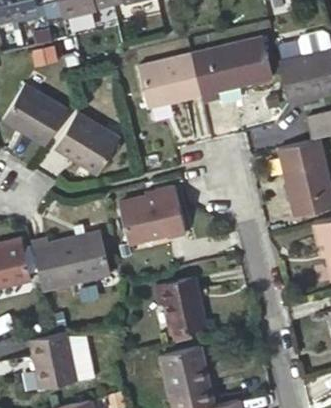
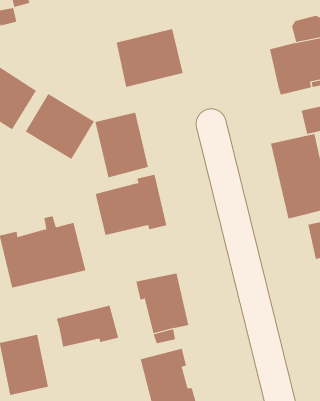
building: [191,35,271,101] -> none
building: none -> [95,112,148,178]
building: none -> [56,305,119,348]

